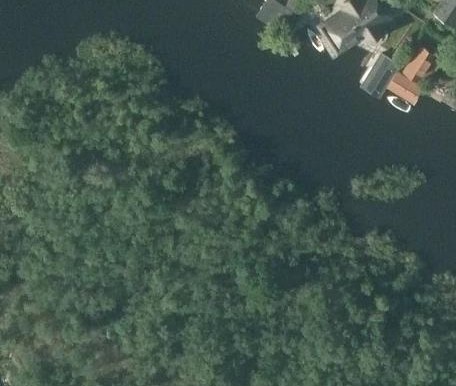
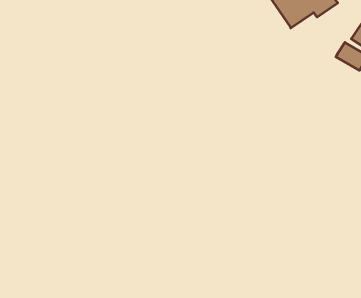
building: [357,55,399,102] -> none

